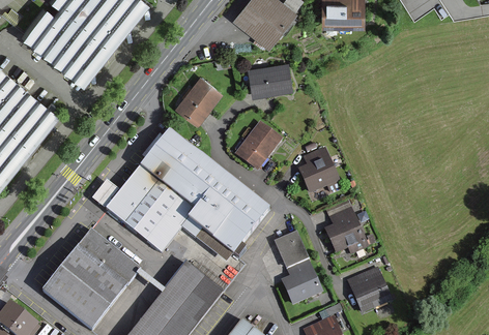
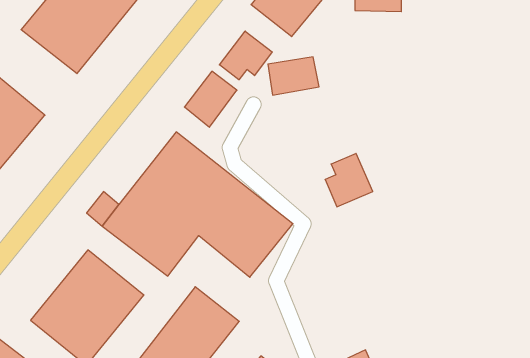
building: none -> [219,31,272,80]
building: [235,122,282,171] -> none
building: [325,208,367,253] -> none
building: [275,232,322,303] -> none
building: [349,267,392,312] -> none

